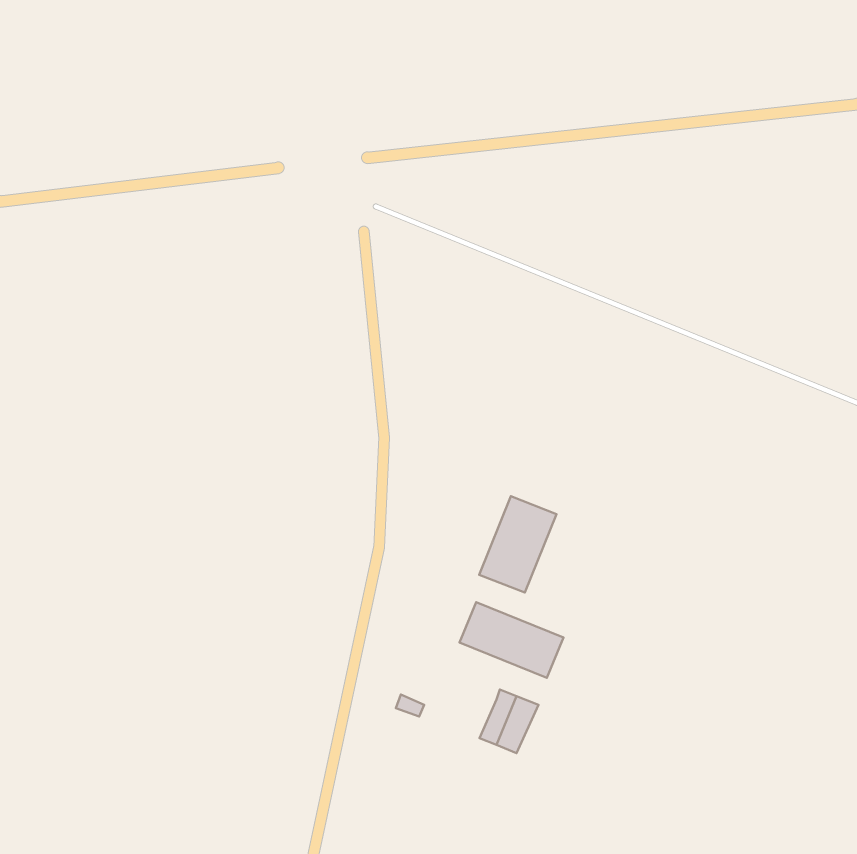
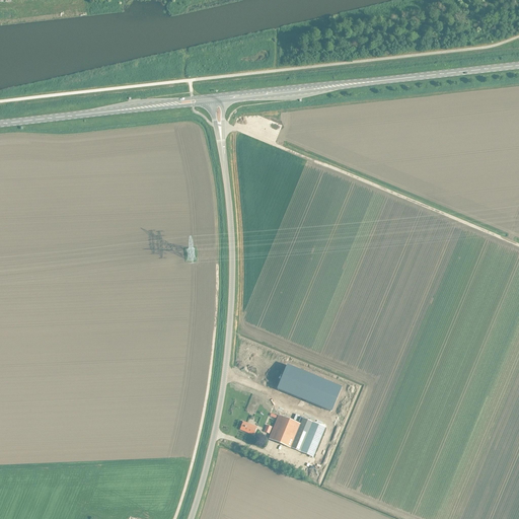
building: [479,496,556,593] -> none
building: none -> [269,414,300,446]

